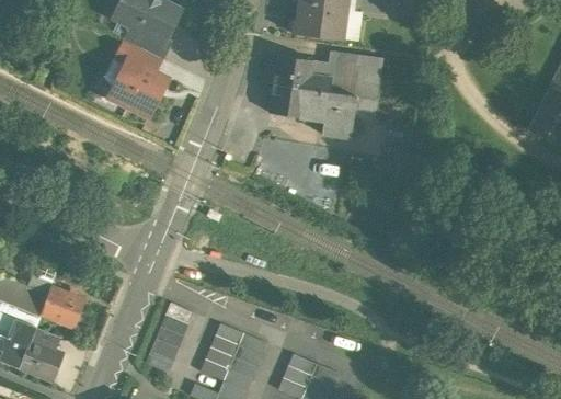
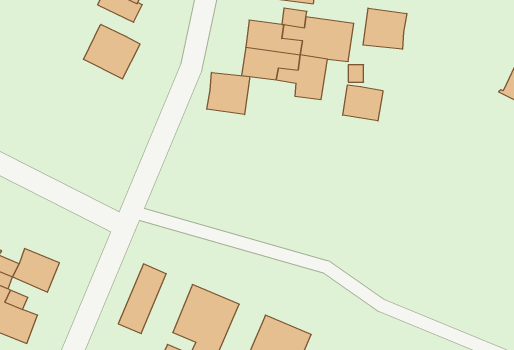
building: [117,42,161,73] -> none
building: none -> [363,8,407,49]
building: none -> [207,72,250,115]
building: none -> [343,85,383,121]

